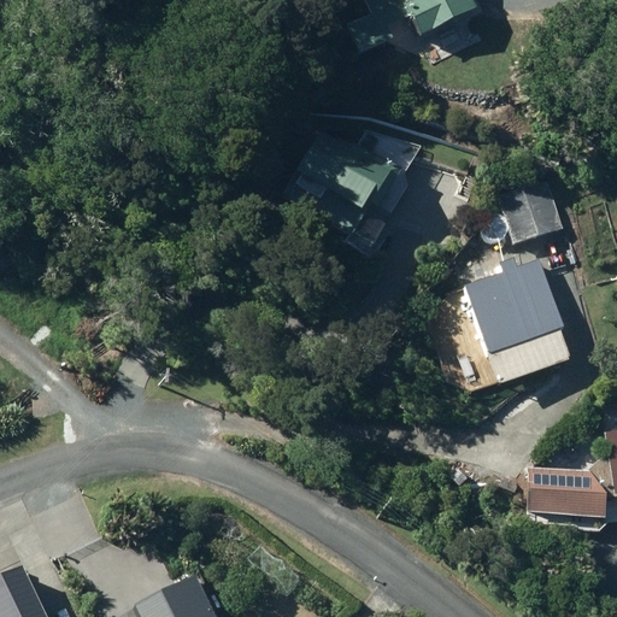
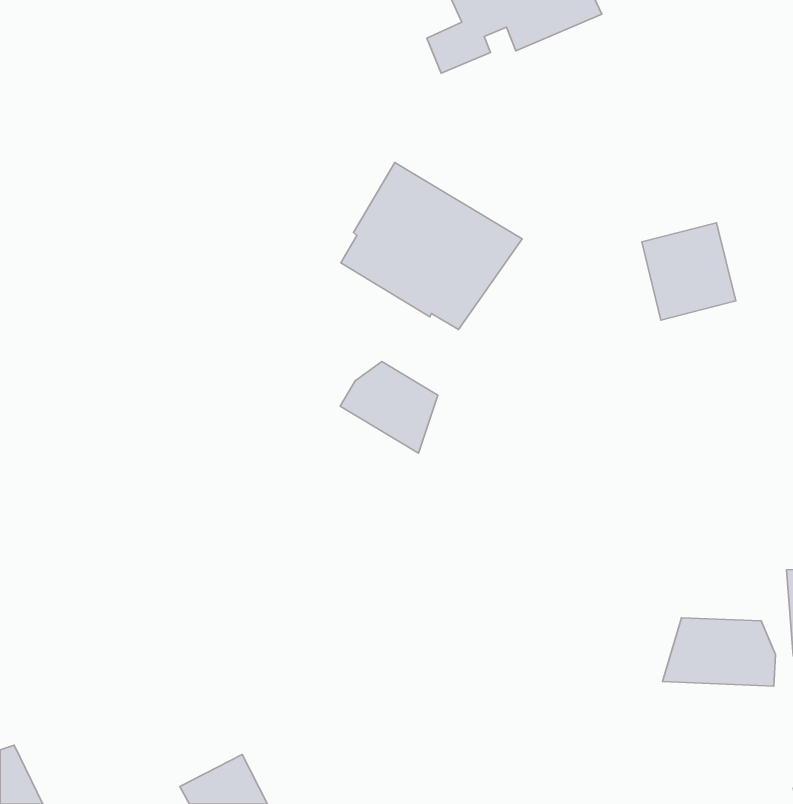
building: [464,258,570,386] -> none
building: none -> [340,361,438,453]

